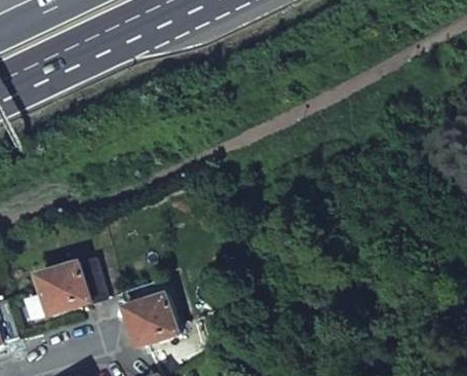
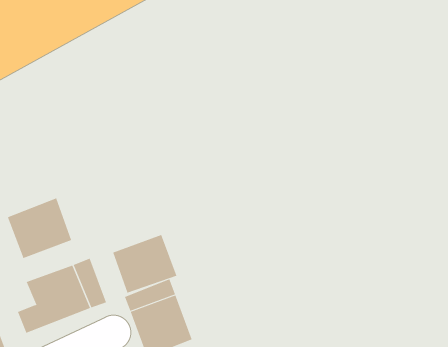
building: none -> [7,198,72,259]
building: none -> [112,234,177,293]

